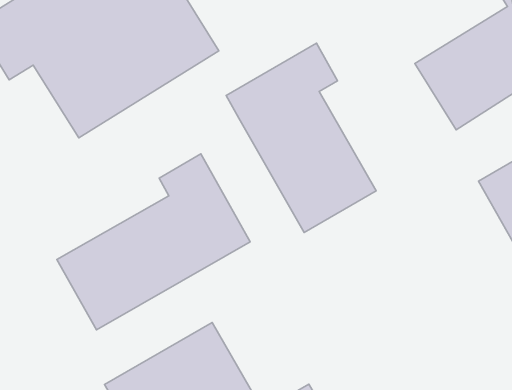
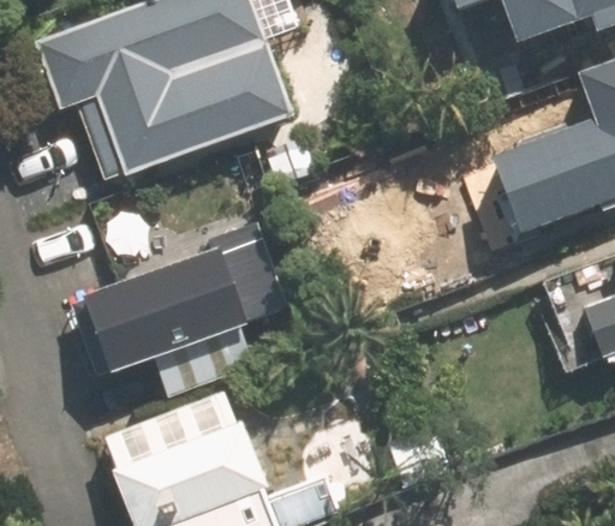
building: [226,43,376,233] -> none

